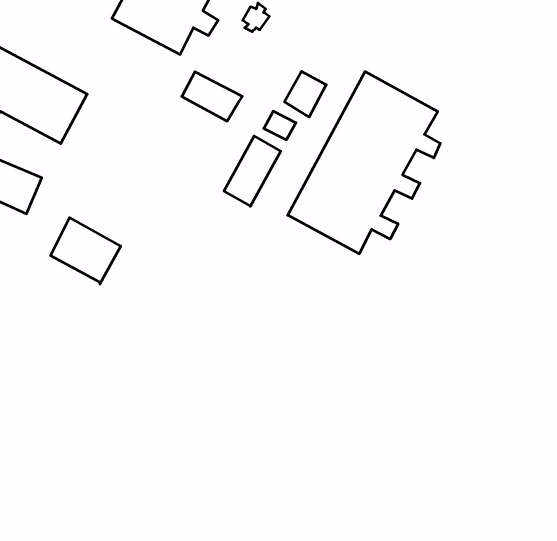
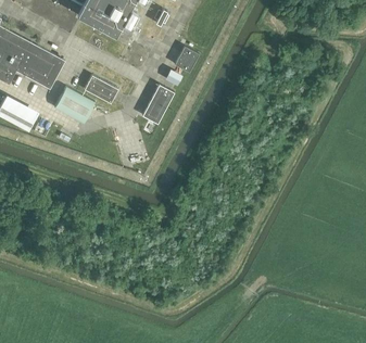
building: [288,72,440,254] -> none
building: [182,72,242,121] -> [84,77,118,105]
building: [51,218,121,284] -> [55,87,96,125]

